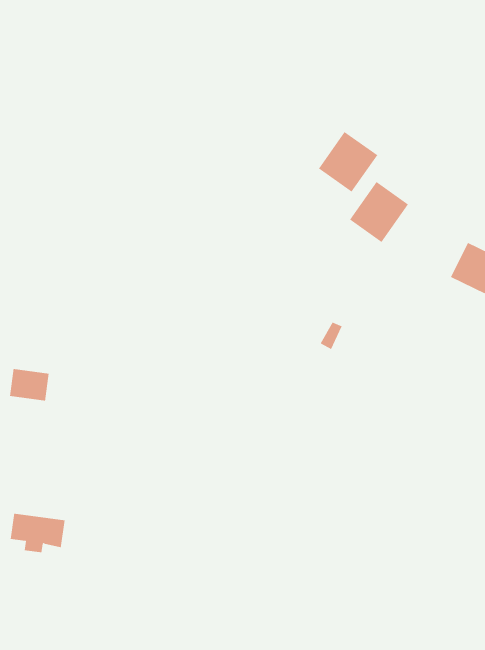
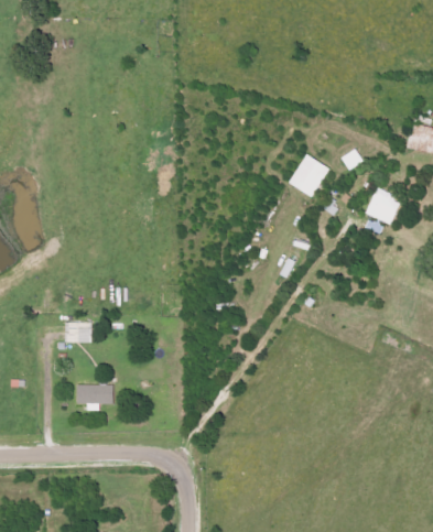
building: [318,131,378,193] -> none
building: [10,513,65,553] -> [76,384,113,410]

